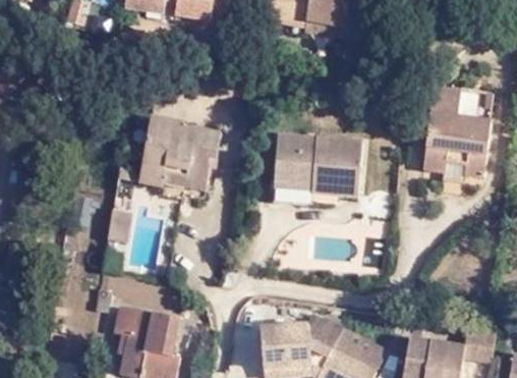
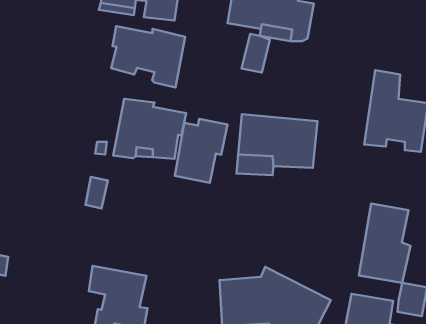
building: none -> [111,26,185,88]
building: none -> [242,34,270,73]
building: none -> [175,119,227,183]
building: none -> [359,203,410,283]

